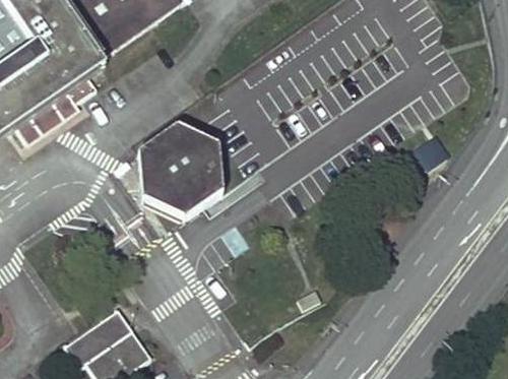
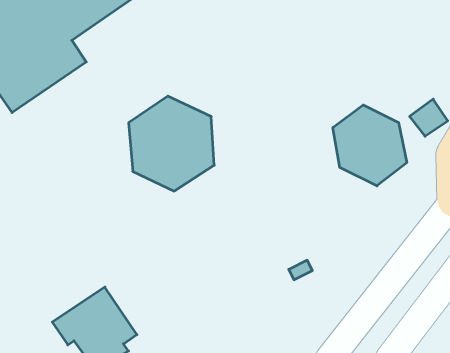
building: none -> [333,105,407,186]

